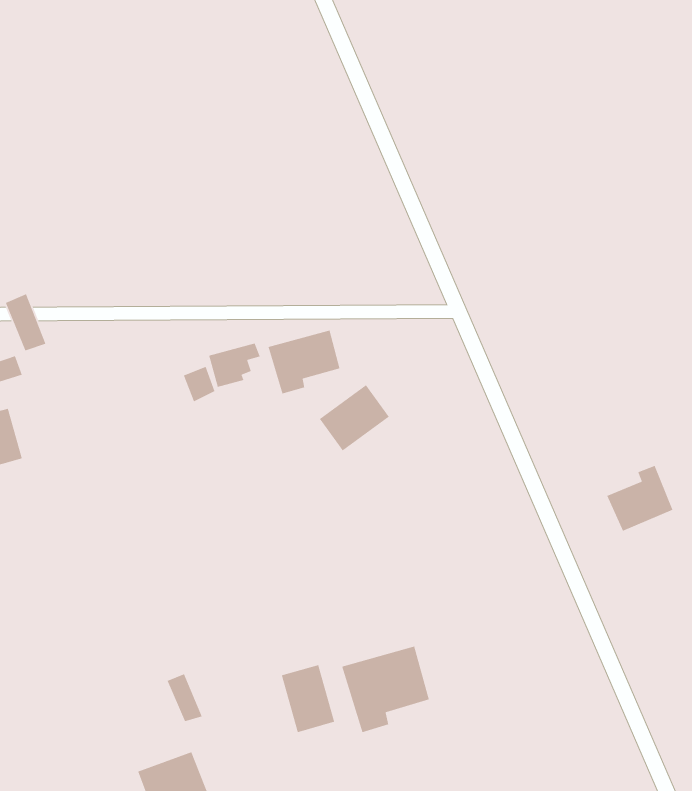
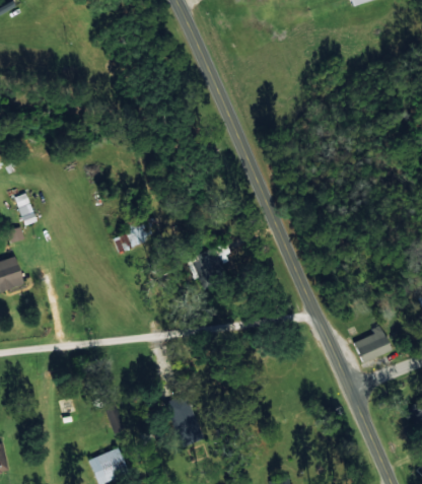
building: [267,330,340,395] -> none
building: [606,465,673,532] -> [354,326,392,363]
building: [341,645,430,733] -> none

